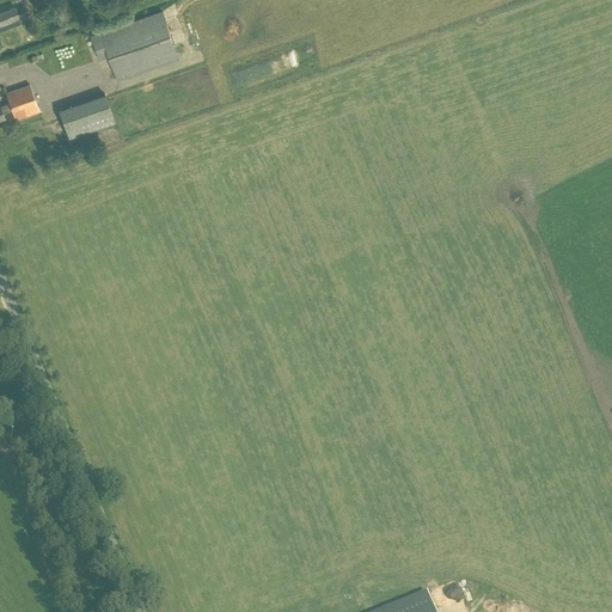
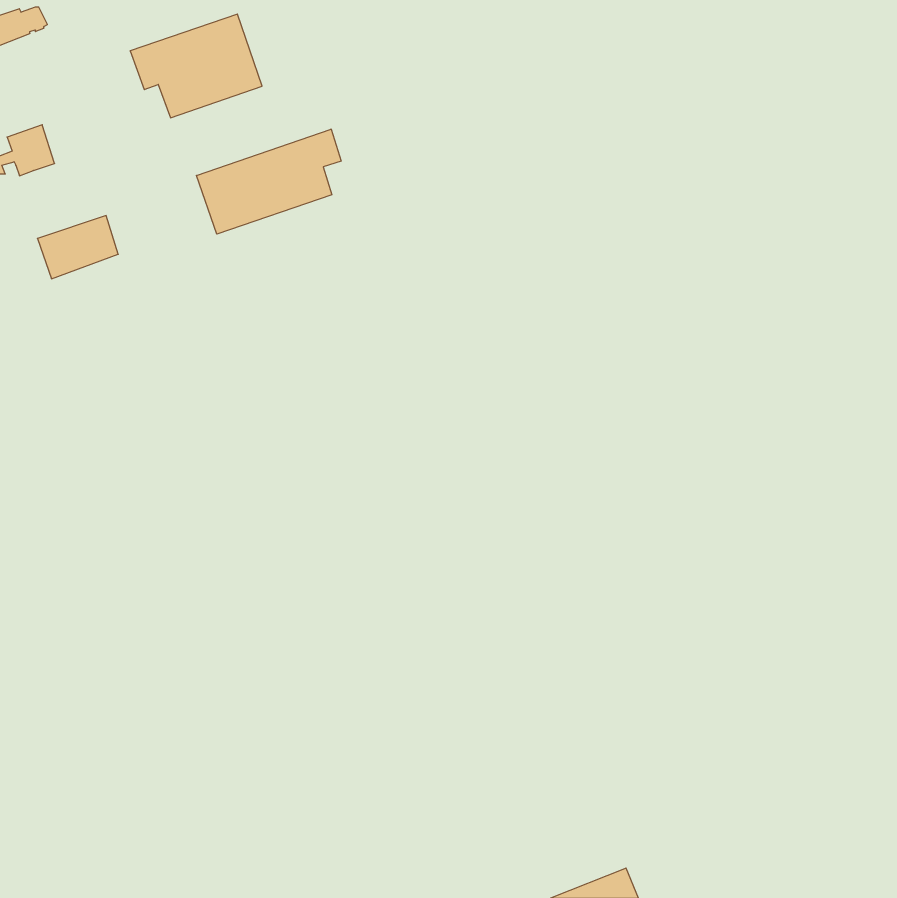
building: none -> [196,129,341,234]
building: [57,96,112,139] -> [37,216,118,279]

